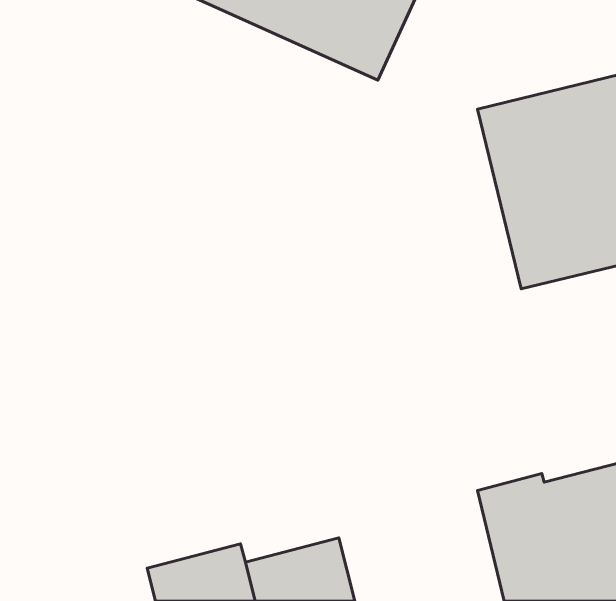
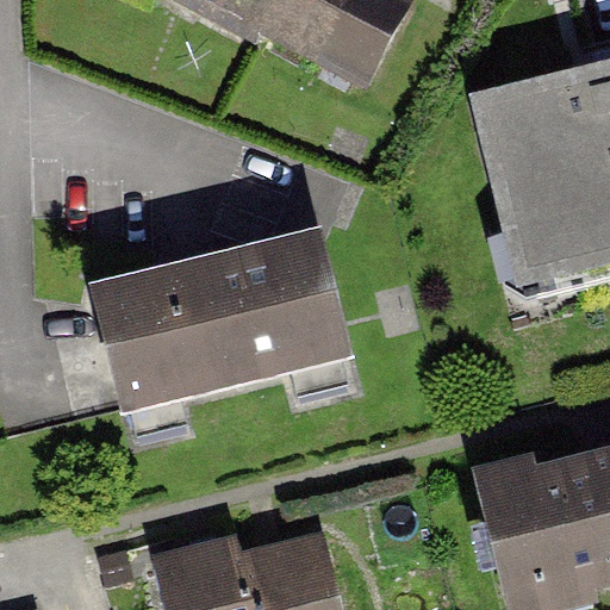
building: none -> [77,243,338,413]

